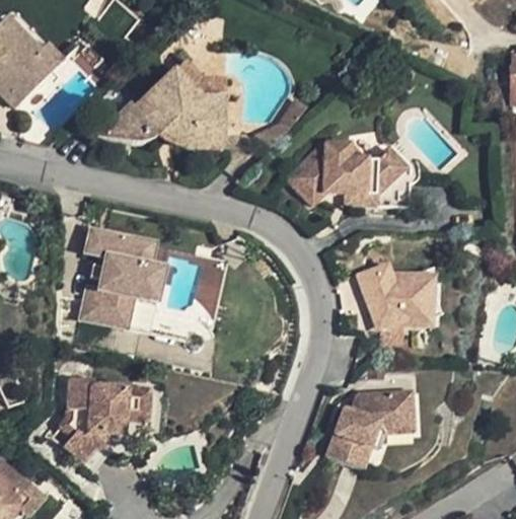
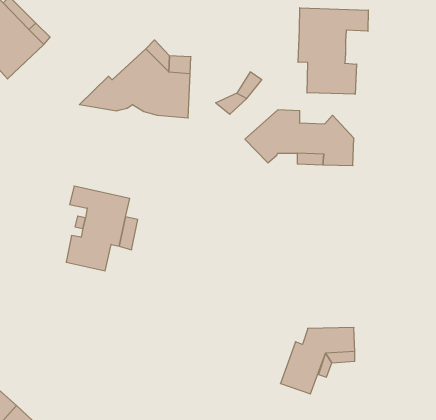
building: none -> [298,8,368,94]
building: [356,263,433,329] -> none
building: [63,374,149,461] -> none

